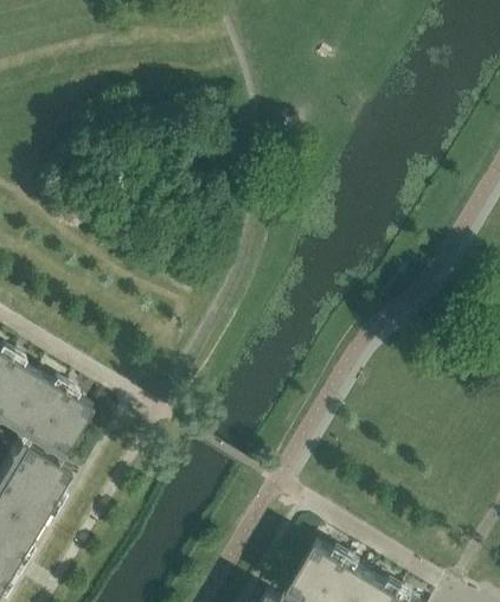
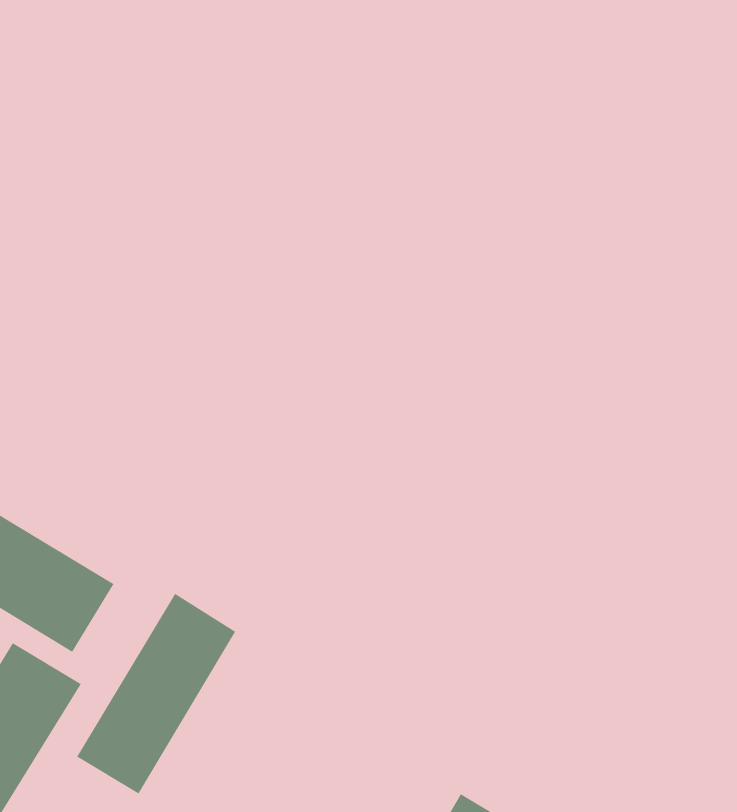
building: none -> [76,593,236,794]

